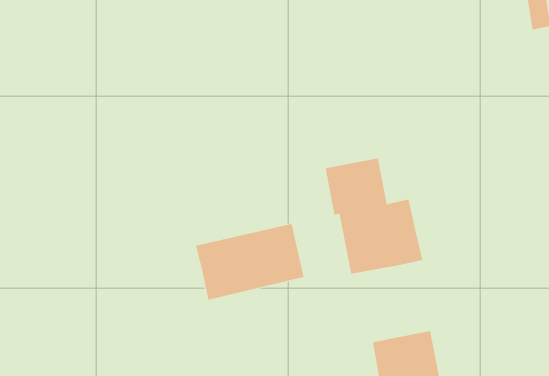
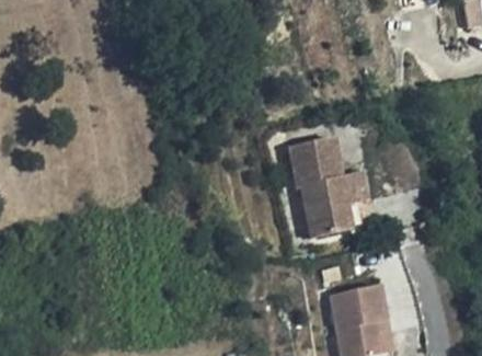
building: [195,223,304,301] -> none

